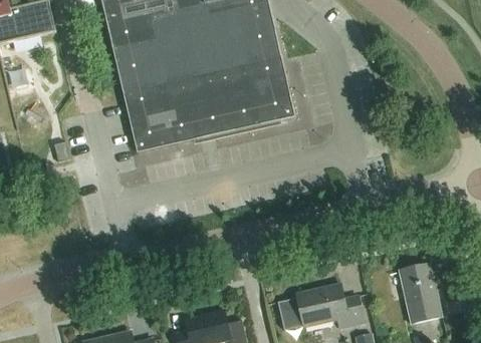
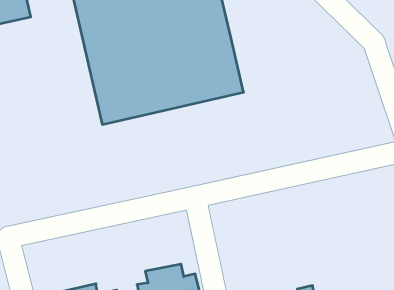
building: [399,262,442,323] -> none
building: [277,283,365,327] -> none

